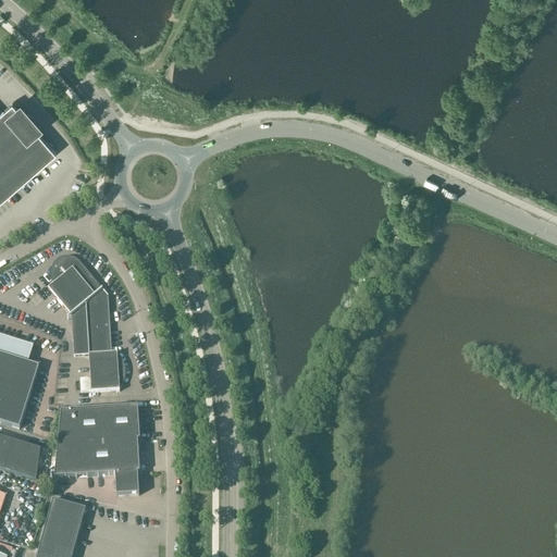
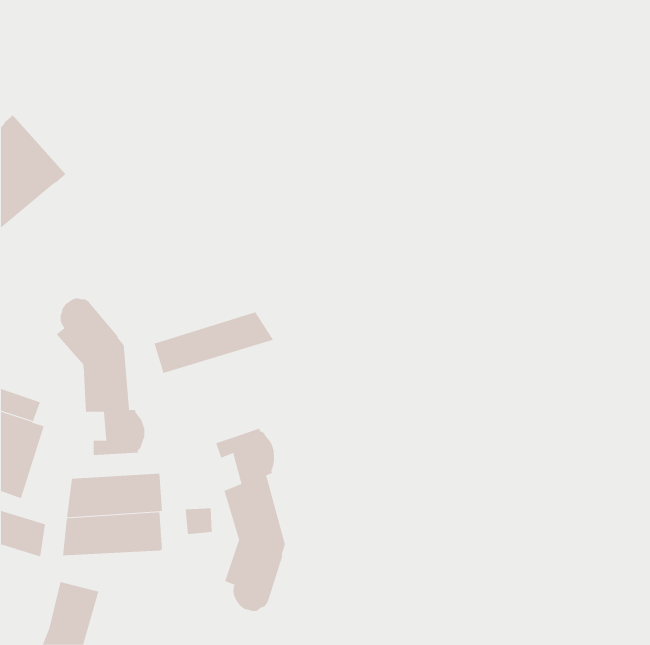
building: none -> [154,311,274,374]
building: none -> [215,428,287,612]
building: [114,471,138,494] -> [185,508,213,535]

